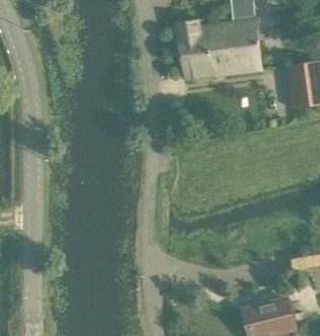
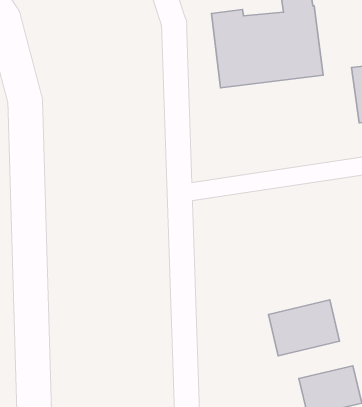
building: none -> [268,300,340,356]

